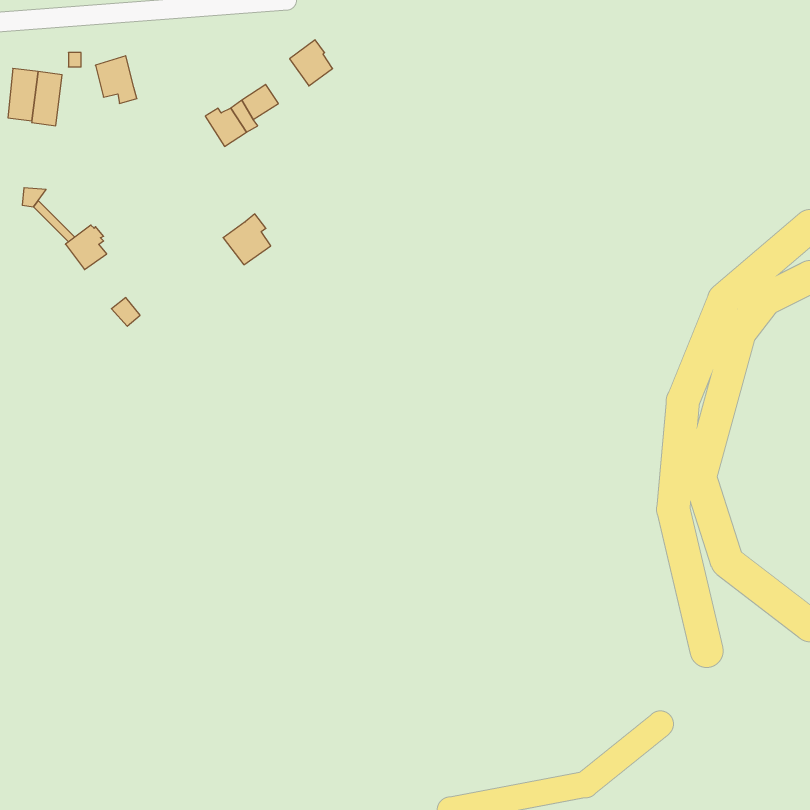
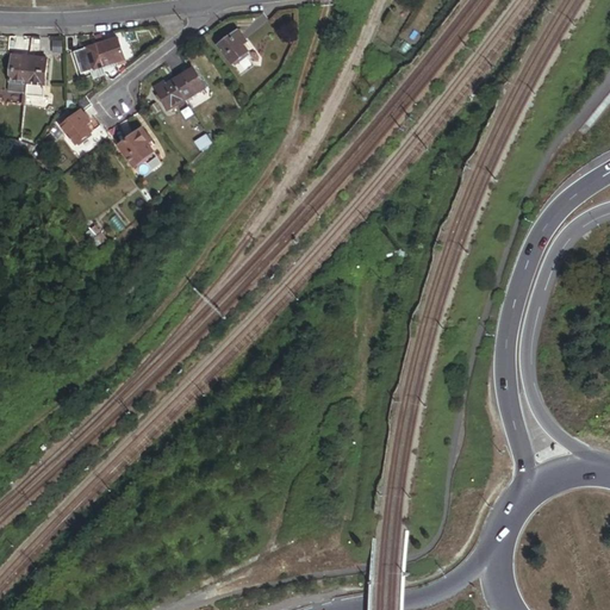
building: none -> [94,36,124,66]
building: [223,214,271,265] -> [116,126,151,164]
building: [65,225,107,270] -> [58,110,89,143]

